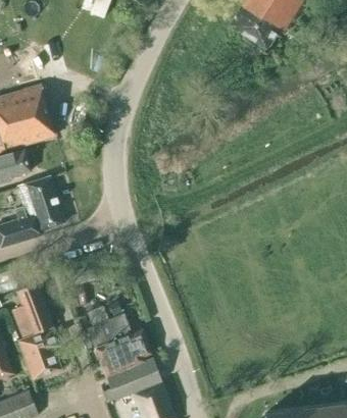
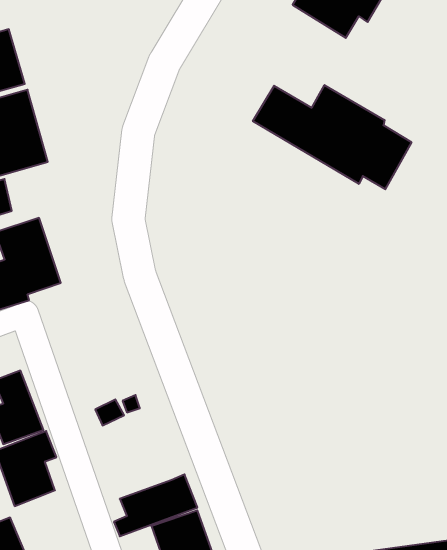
building: none -> [253,85,411,189]
building: [87,314,151,376] -> none

